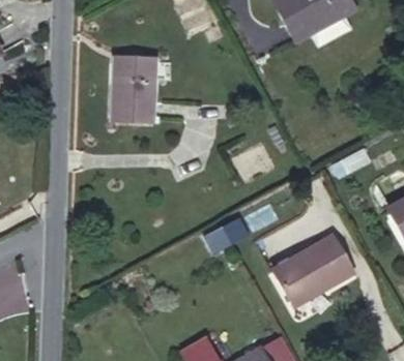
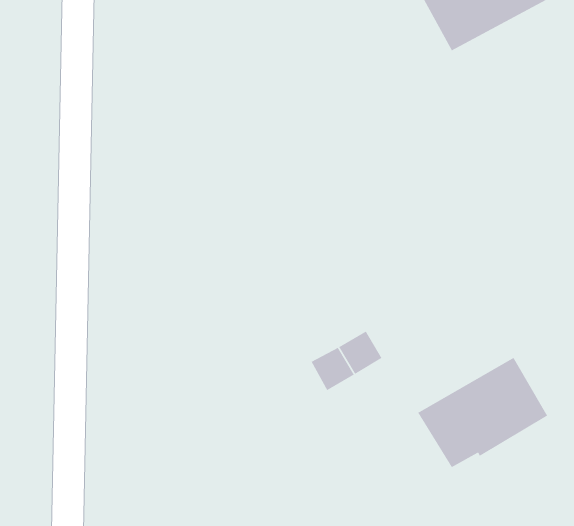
building: [112,57,154,123] -> none

